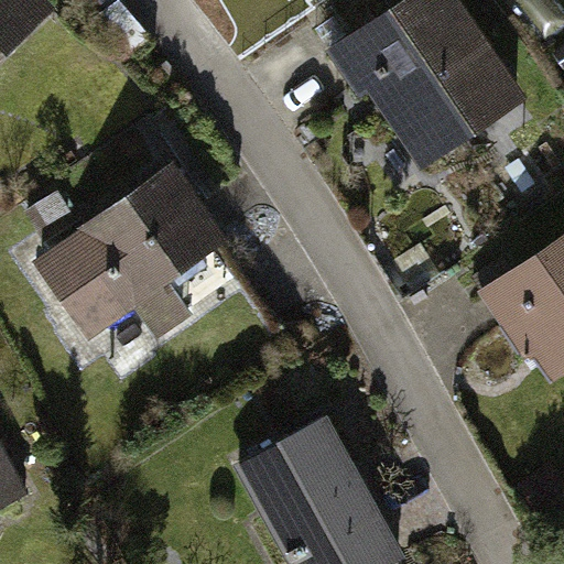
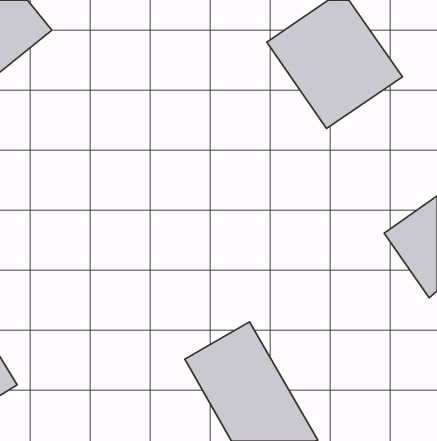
building: [45,159,239,337] -> none

